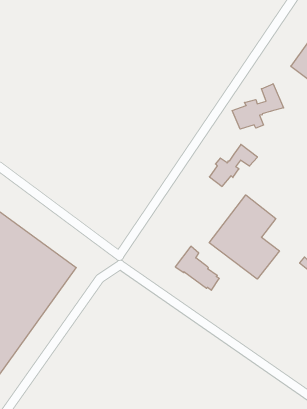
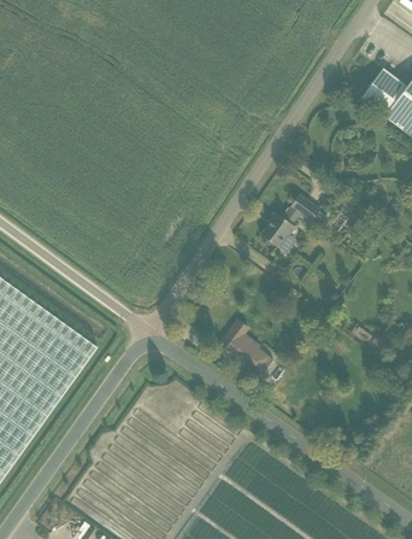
building: [232,84,284,129] -> none
building: [209,195,279,279] -> none

